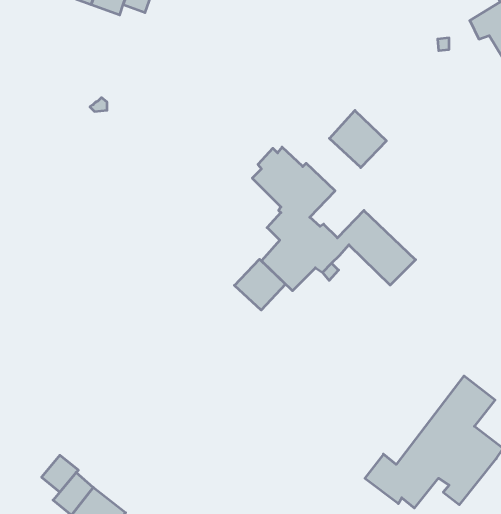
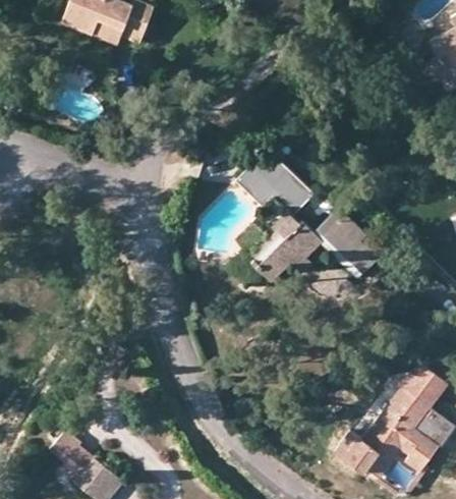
building: [329,110,386,168] -> none
building: [234,259,285,310] -> none

